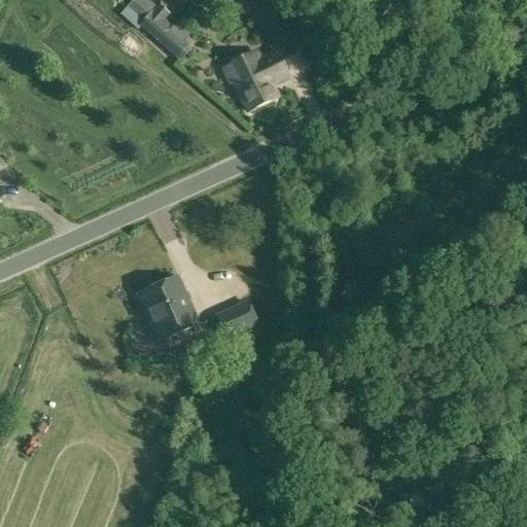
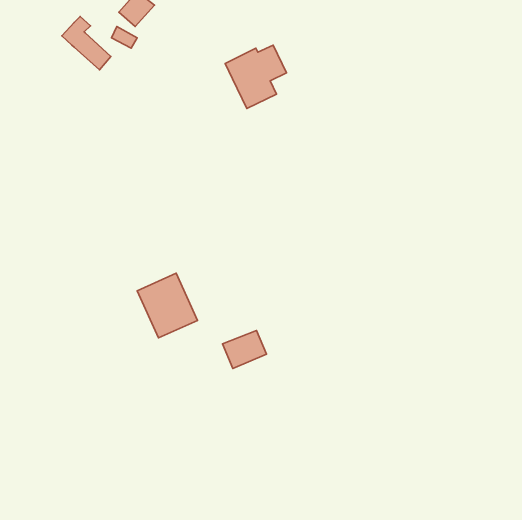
building: [140,4,189,58] -> [62,16,111,70]
building: [216,300,260,338] -> [223,331,267,369]

